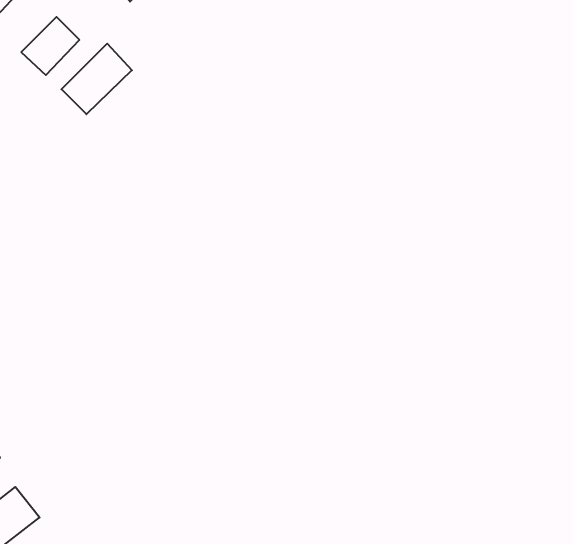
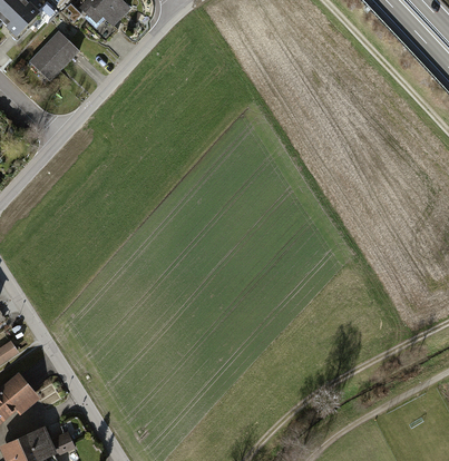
building: [61,44,132,114] -> none

